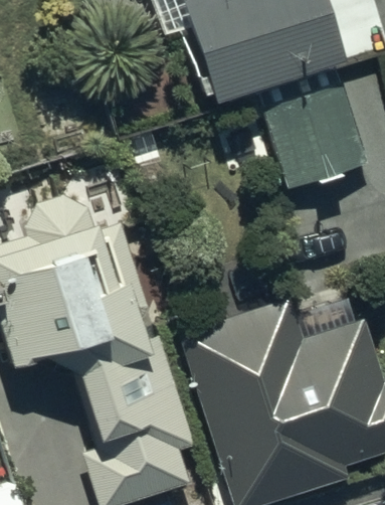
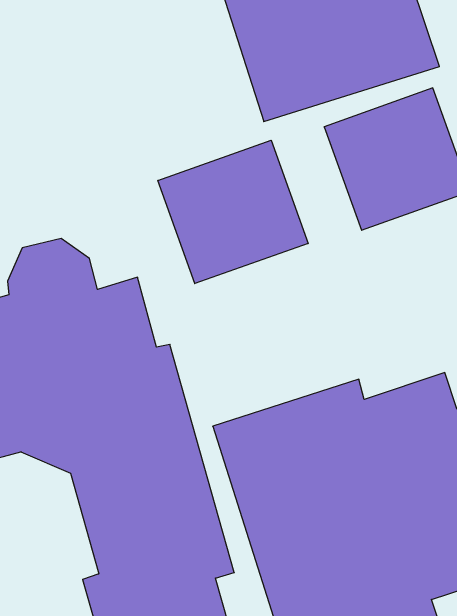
building: none -> [158,140,308,284]

